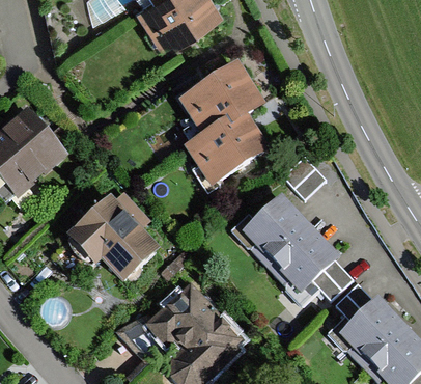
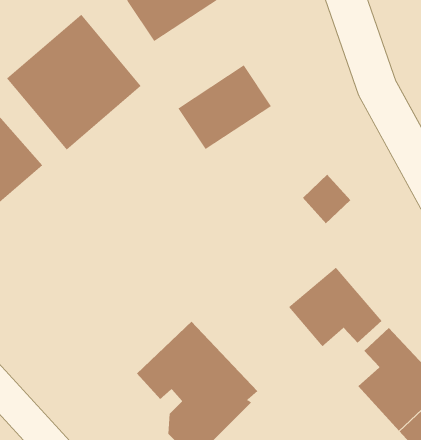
building: none -> [6,14,142,150]
building: [185,115,262,186] -> none
building: [69,192,160,280] -> none
building: [233,202,310,269] -> none

